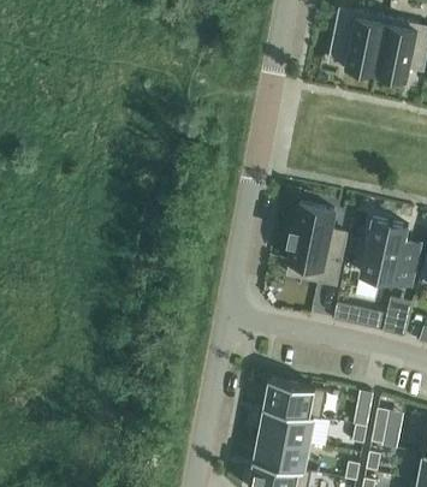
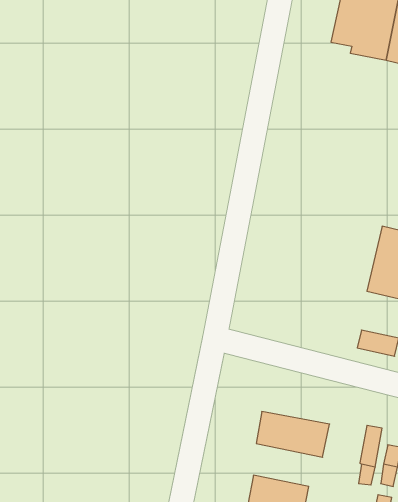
building: [289,206,346,287] -> none
building: [261,409,321,446] -> none

